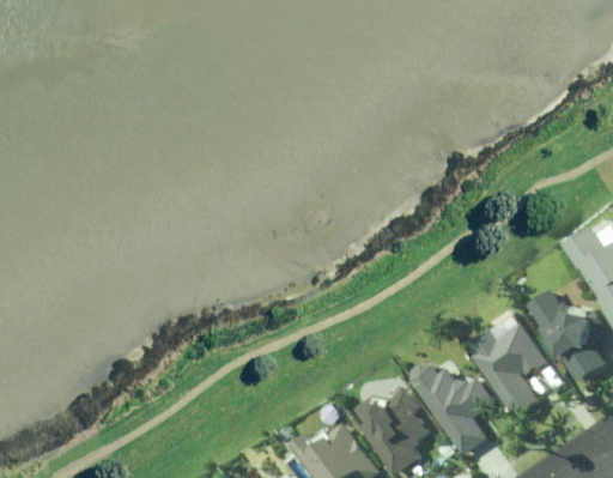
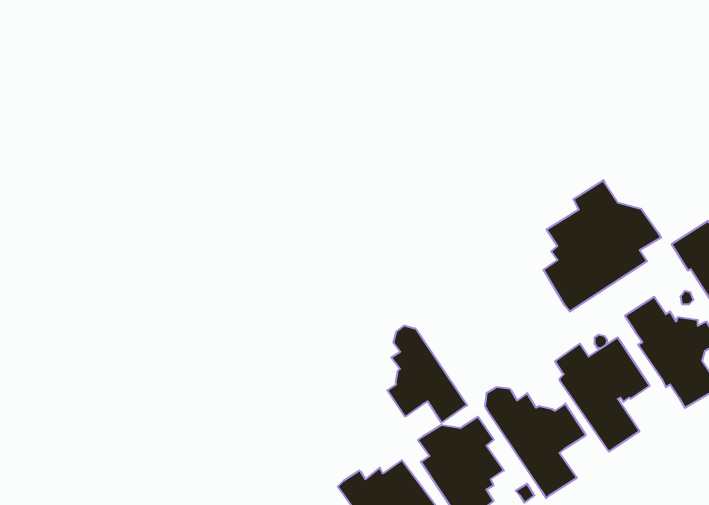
building: none -> [543,180,661,312]
building: none -> [387,325,467,423]

